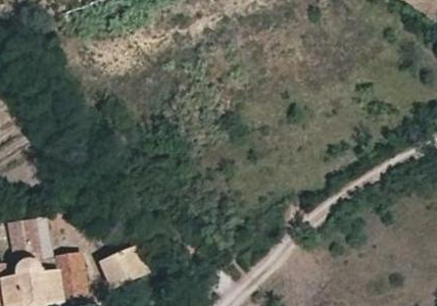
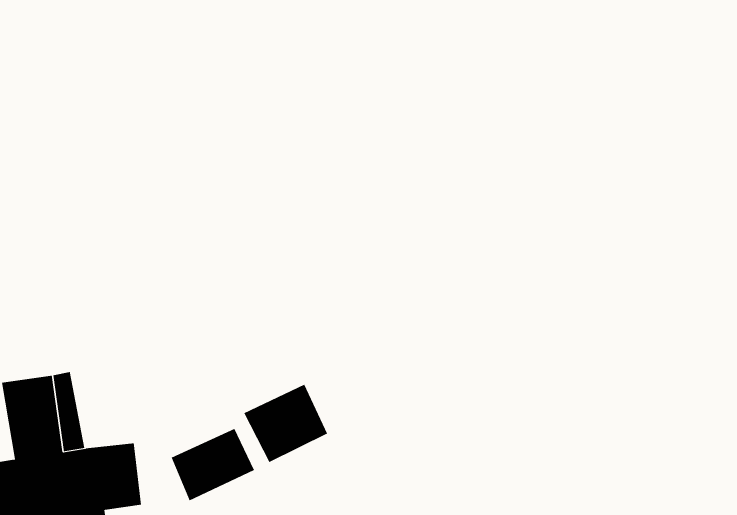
building: none -> [243,384,328,463]

